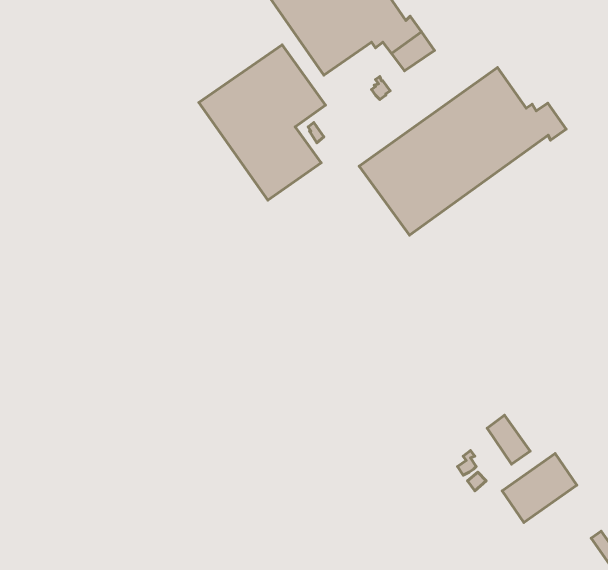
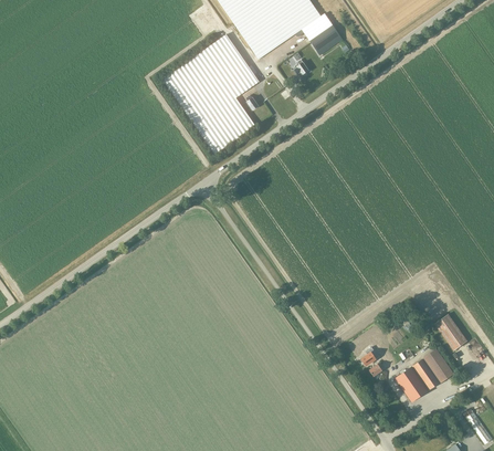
building: [359,68,566,235] -> none
building: [487,415,530,464] -> [434,314,467,352]

